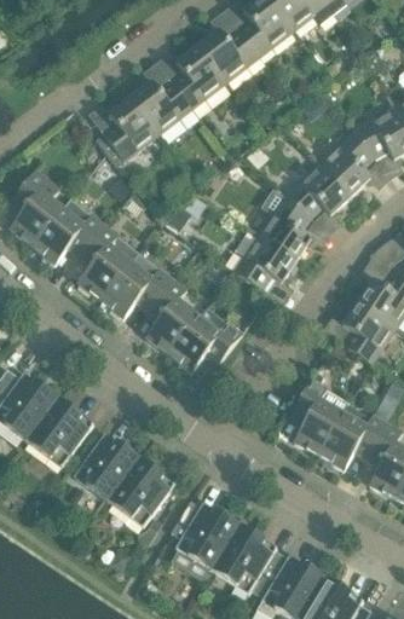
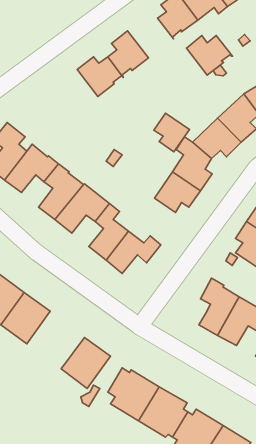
building: [197,29,259,82] -> [186,36,232,75]
building: [97,98,157,164] -> none
building: none -> [154,113,189,152]
building: [73,432,139,501] -> none

